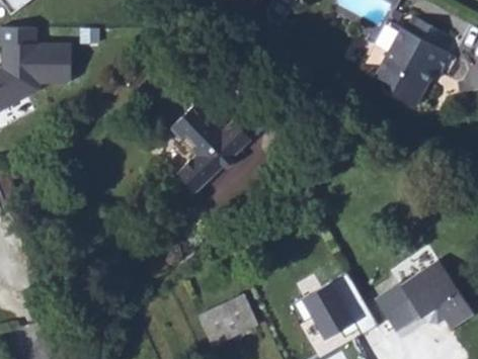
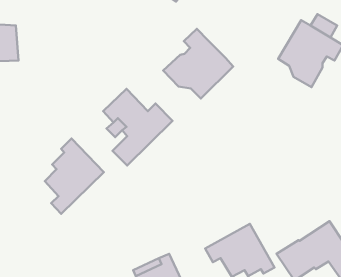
building: none -> [163,29,233,98]
building: none -> [45,138,104,214]

